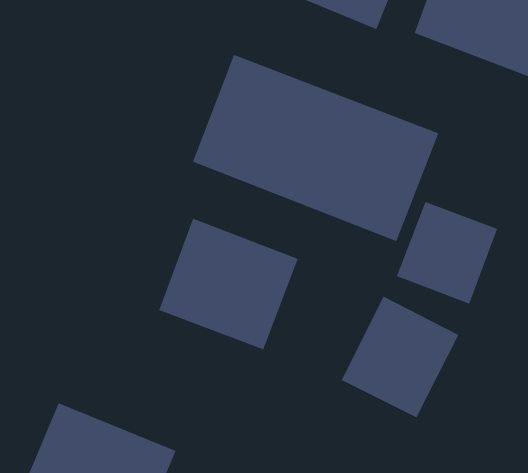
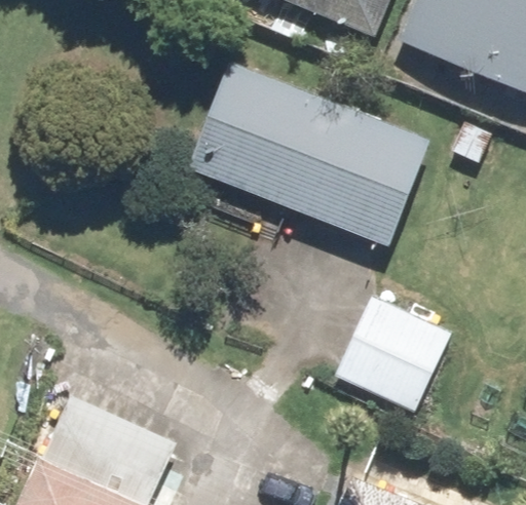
building: [396,201,498,305] -> none
building: [159,218,299,350] -> none

